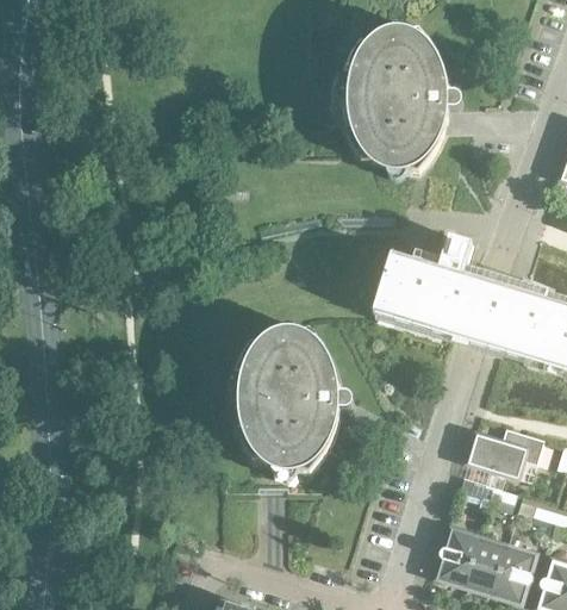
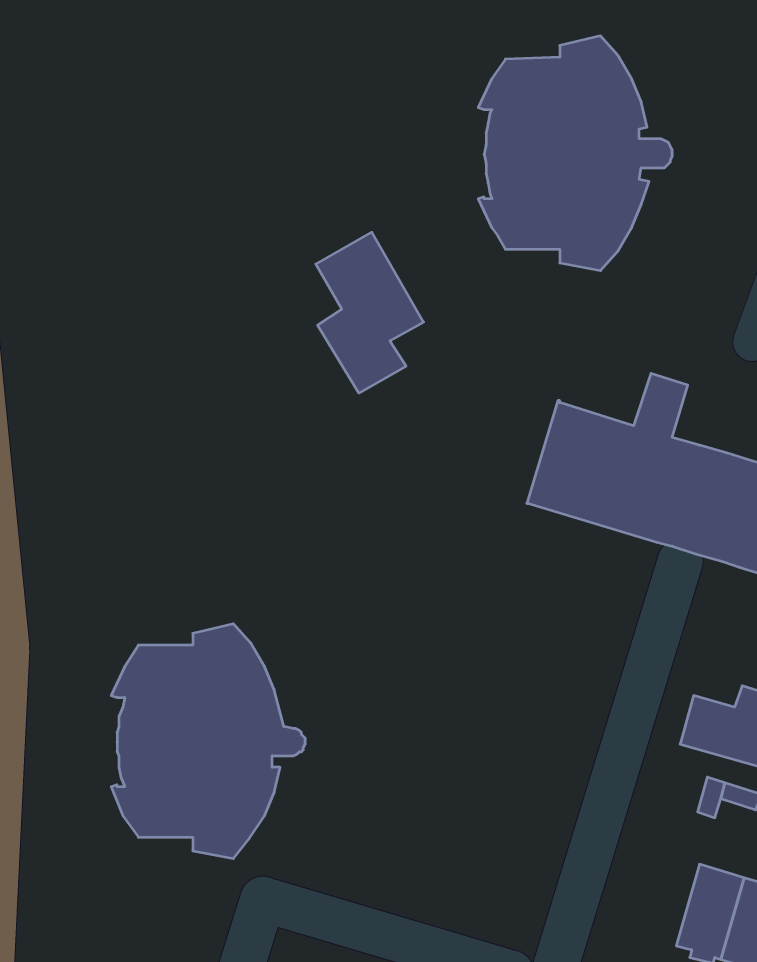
building: none -> [316,232,424,393]
building: [236,329,355,473] -> [111,624,305,859]
building: [437,528,480,586] -> none

